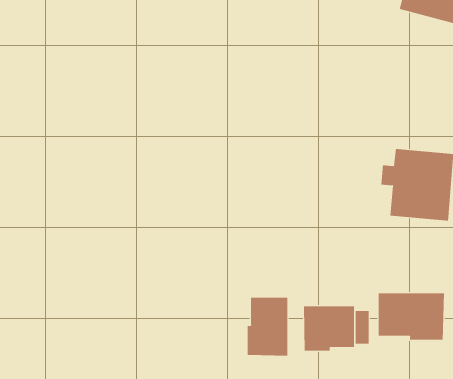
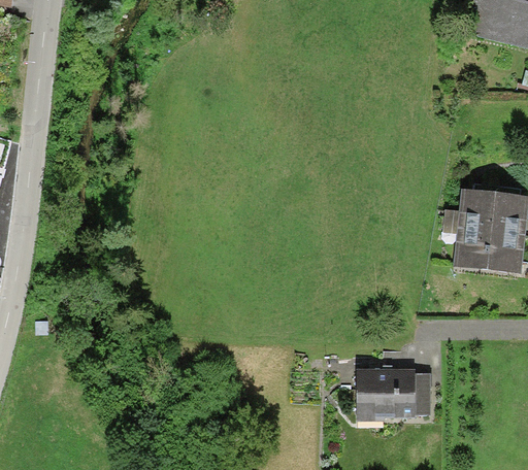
building: [378,293,444,340] -> none
building: [247,297,288,357] -> none

